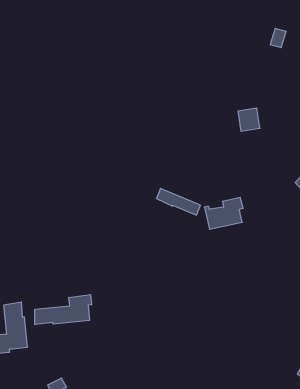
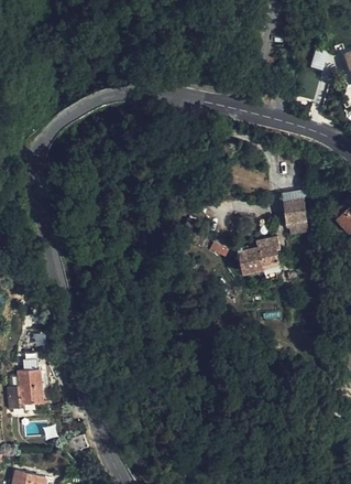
building: [238,108,260,131] -> [283,198,307,224]
building: [35,295,92,325] -> none

